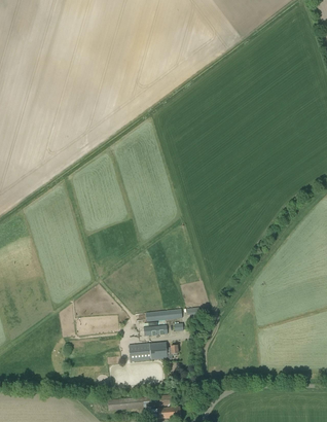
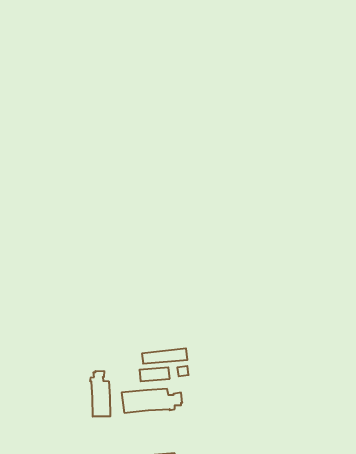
building: none -> [90,371,110,417]

